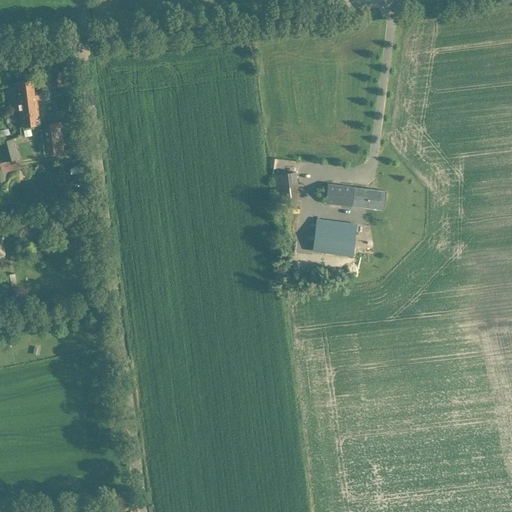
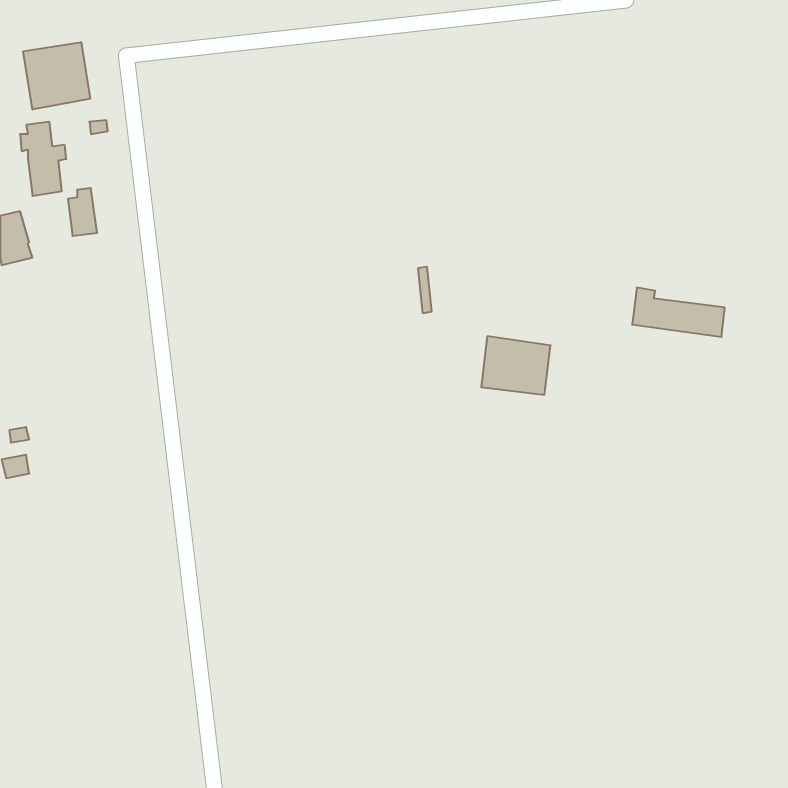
building: none -> [23,42,90,110]
building: [326,178,386,210] -> [632,288,725,337]

